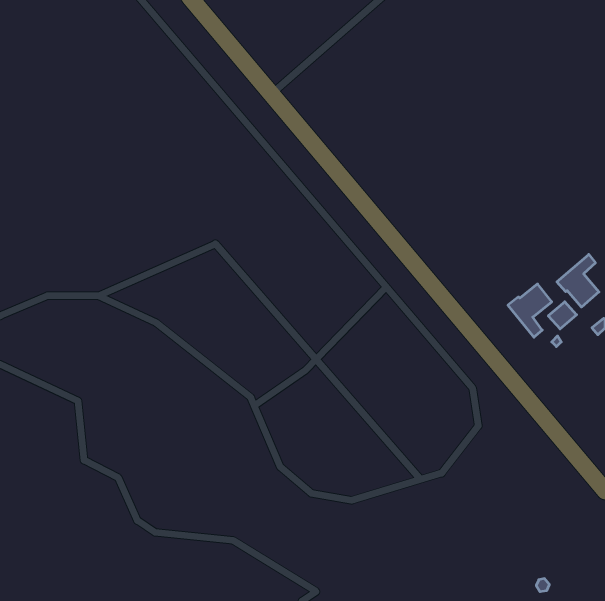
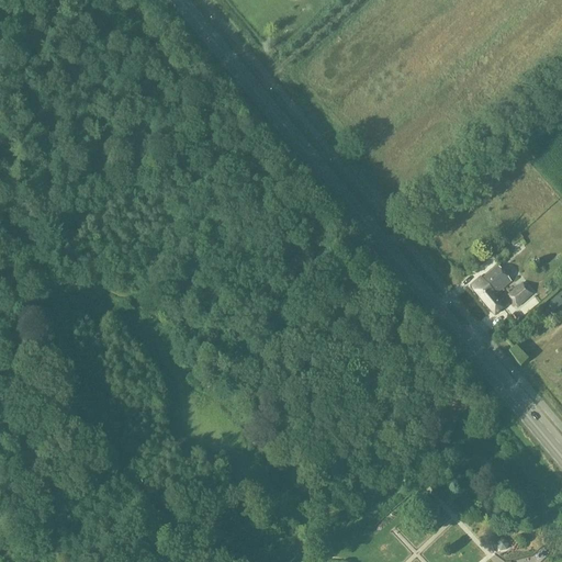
building: [557,254,599,307] -> none

